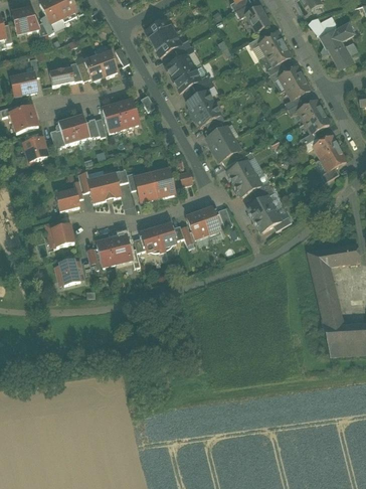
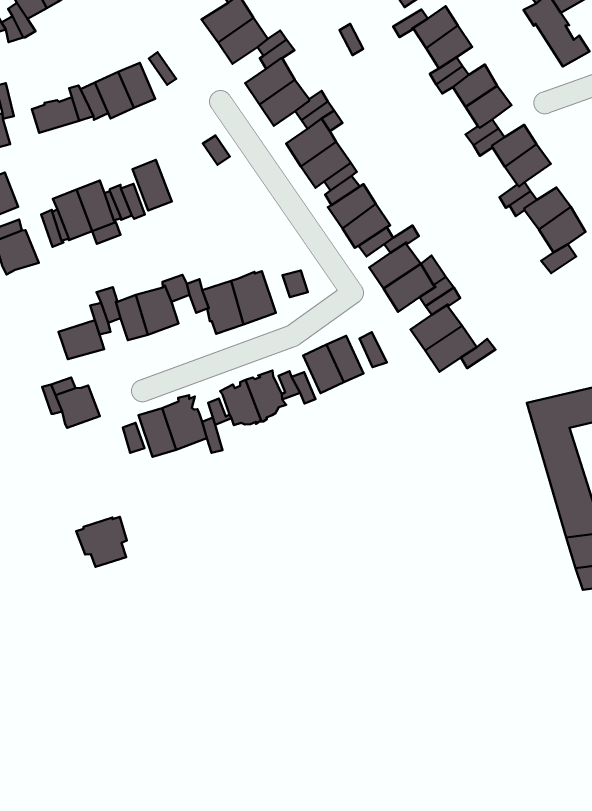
building: [115,100,138,128] -> none
building: [54,259,81,285] -> [76,517,127,567]

